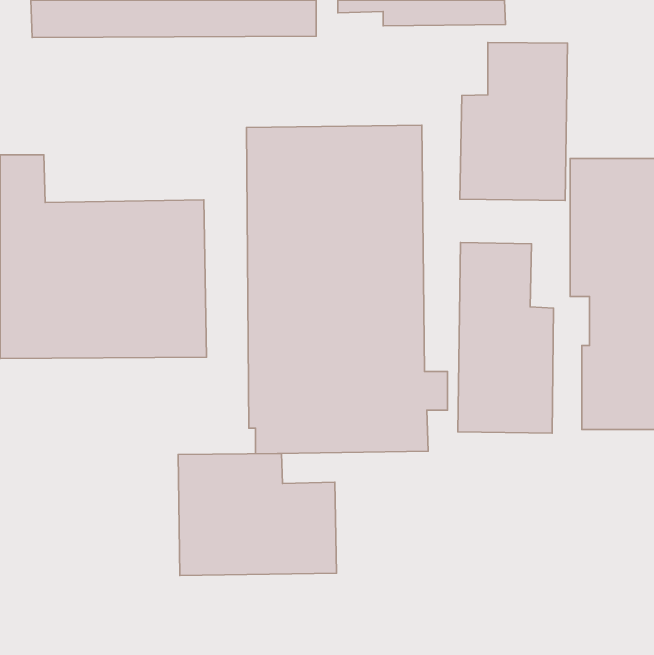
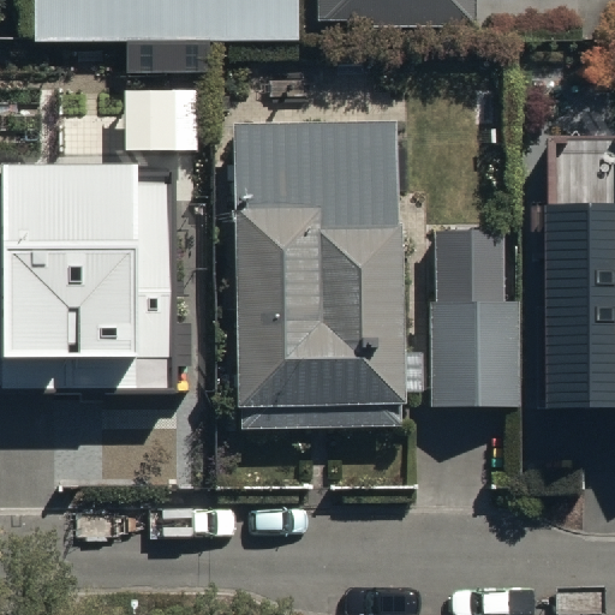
building: [460,43,567,201] -> none
building: [178,454,336,576] -> none

